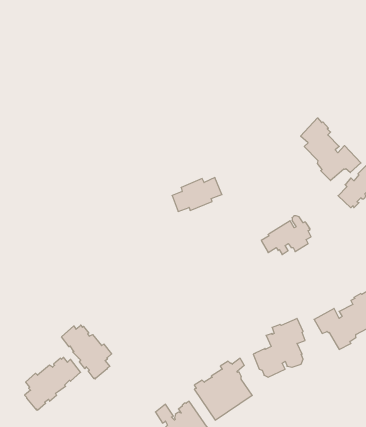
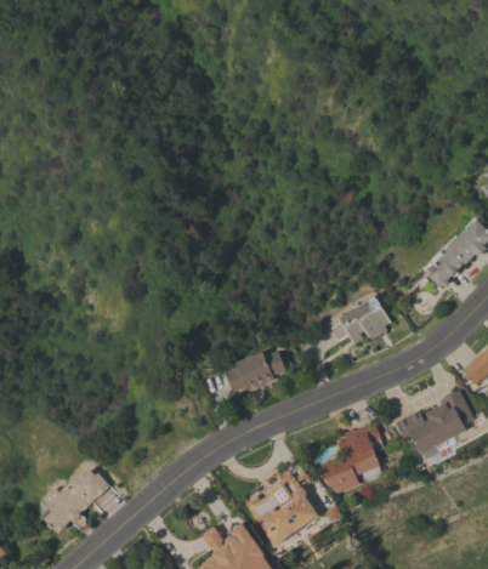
building: [301,118,361,181] -> none
building: [172,178,222,211] -> [226,351,286,392]
building: [62,325,112,379] -> none

